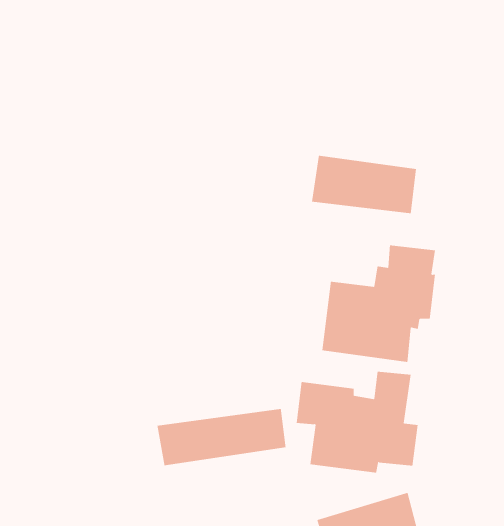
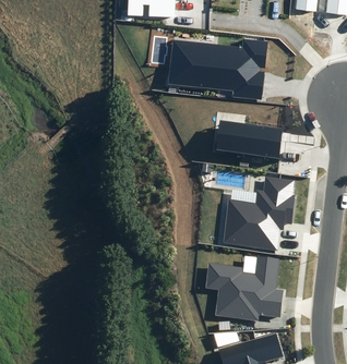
building: none -> [166,38,267,100]
building: [157,408,286,466] -> none

